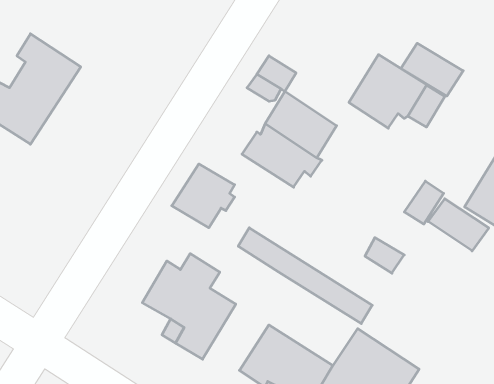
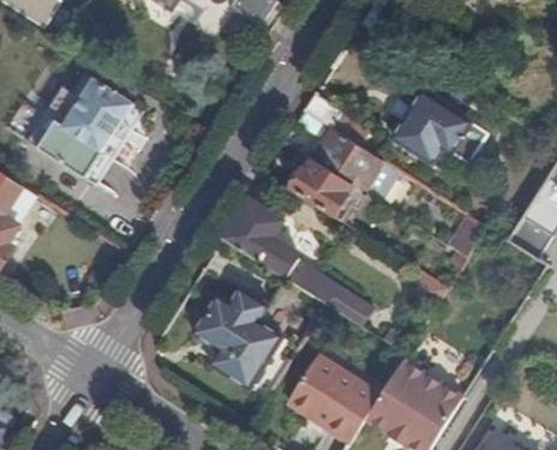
building: [401,43,463,96] -> none
building: [428,199,489,251] -> none

